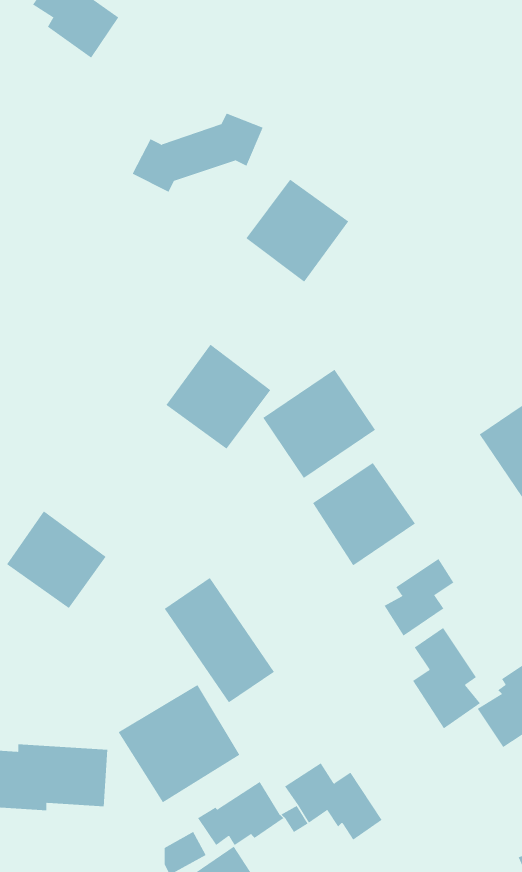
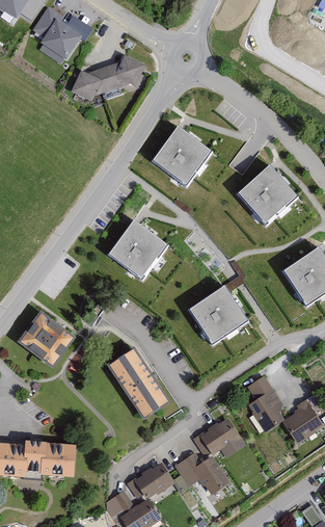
building: [132,113,263,192] -> [71,58,144,103]
building: none -> [239,163,298,222]
building: [262,369,376,479] -> none
building: [384,558,454,637] -> none
building: [118,684,240,803] -> none
building: none -> [193,420,245,460]

